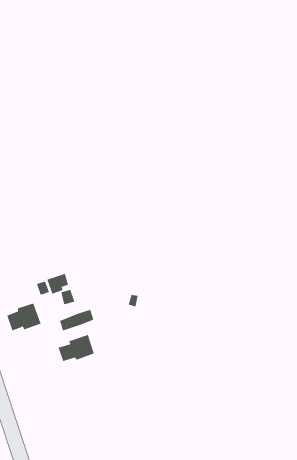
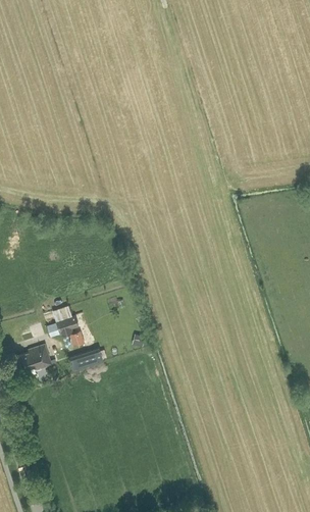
building: [58,334,95,362] -> none

